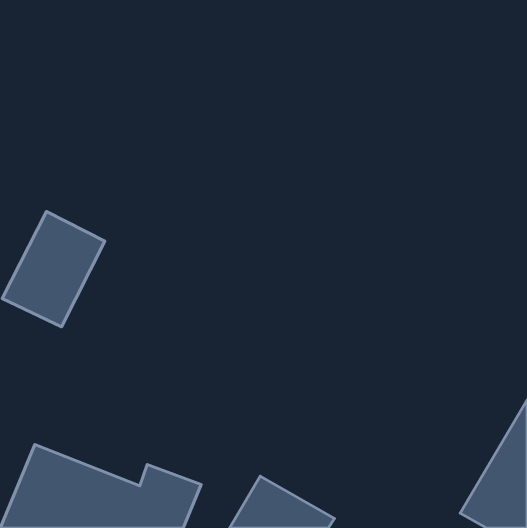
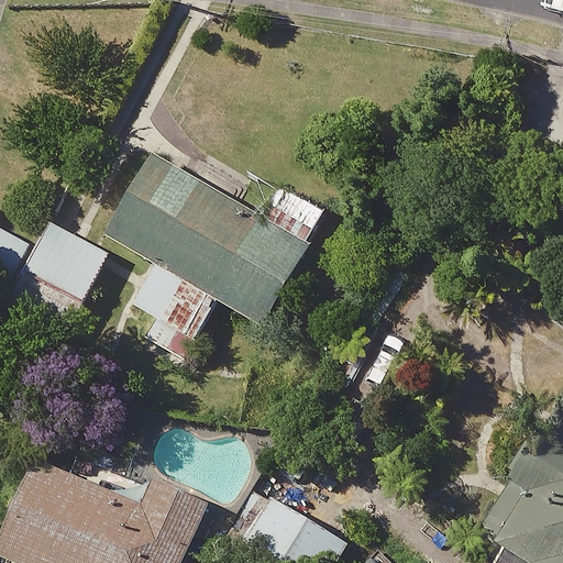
building: none -> [107,155,313,329]

